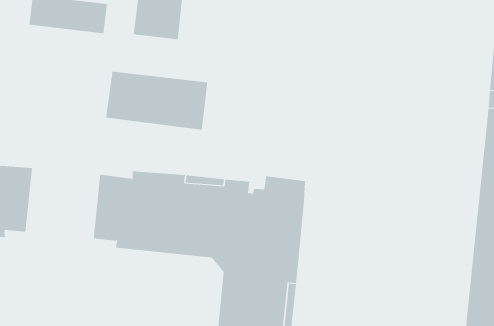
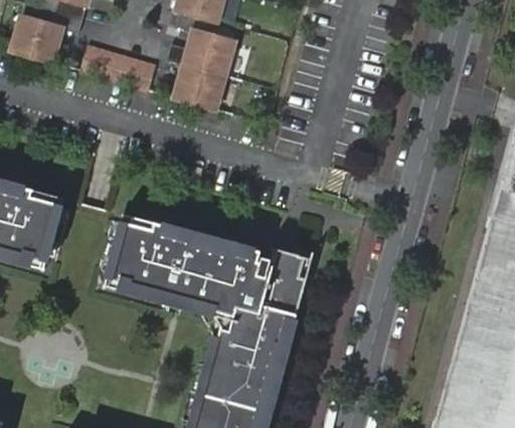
building: [105,71,208,131] -> none

